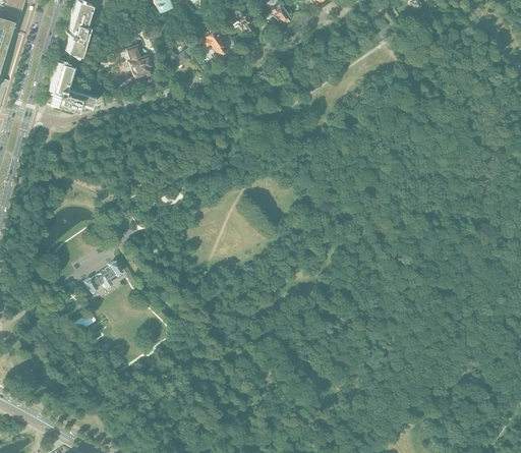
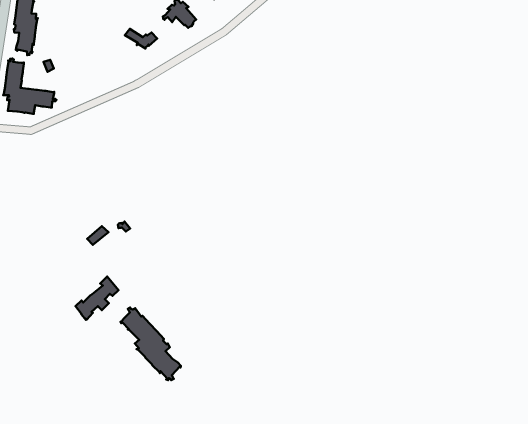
building: [128,46,155,79] -> none
building: none -> [121,308,181,380]

